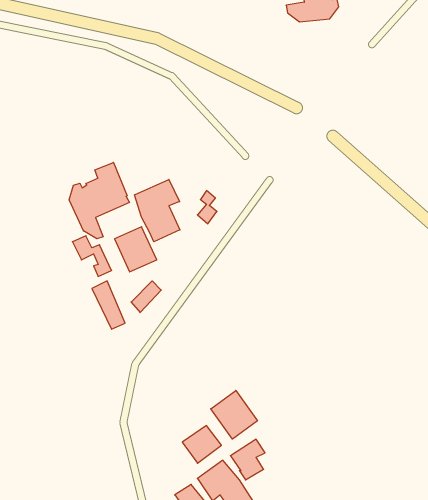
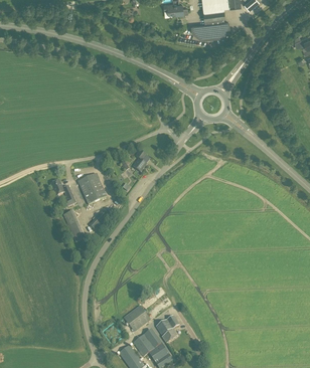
building: [69,162,129,239] -> none
building: [135,179,180,242] -> none
building: [211,390,257,439] -> none

